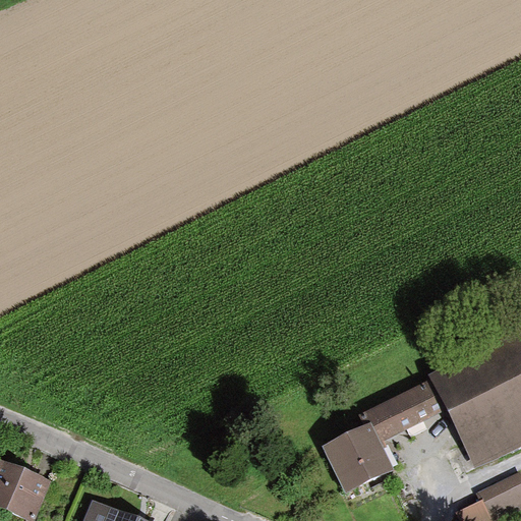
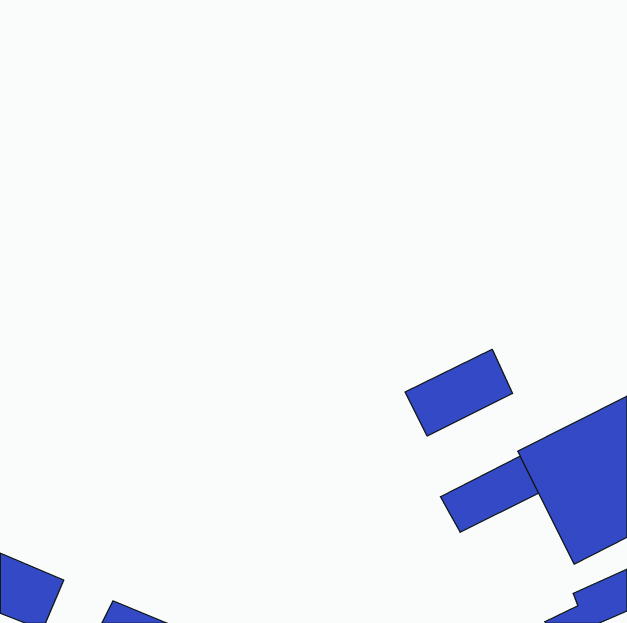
building: none -> [405,349,512,436]
building: [324,423,395,495] -> none

